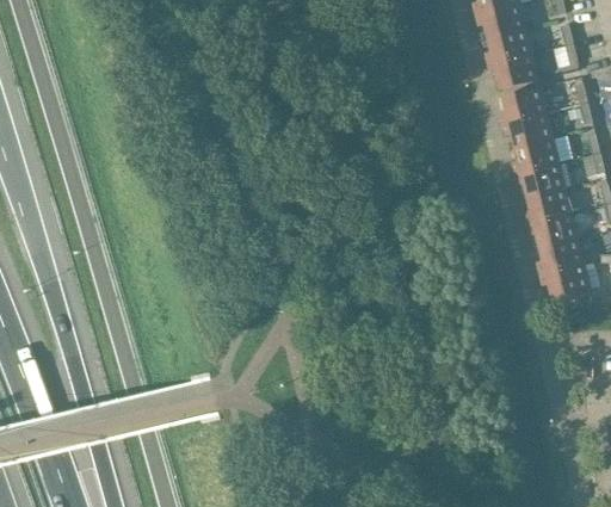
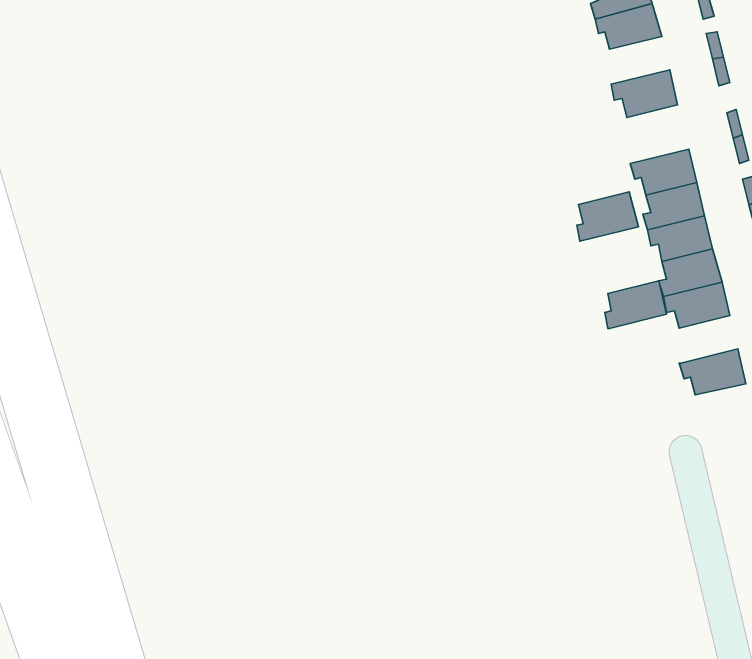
building: [486,30,533,66] -> none
building: [501,88,548,125] -> [577,192,639,241]
building: [538,240,585,276] -> [605,281,667,328]

